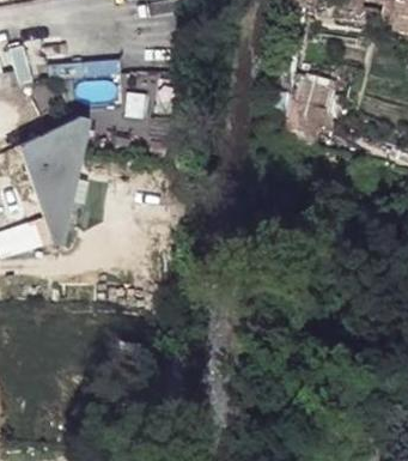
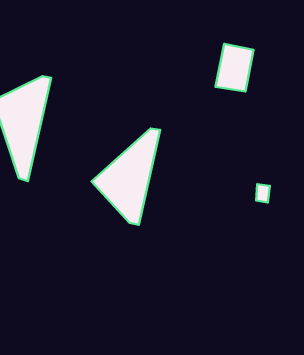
building: none -> [92,129,160,225]

